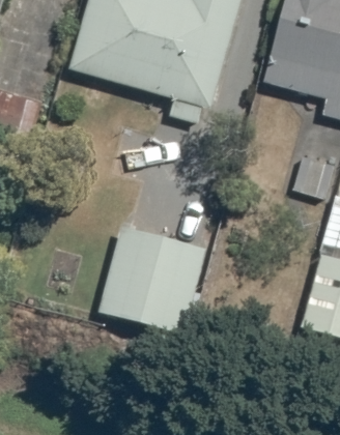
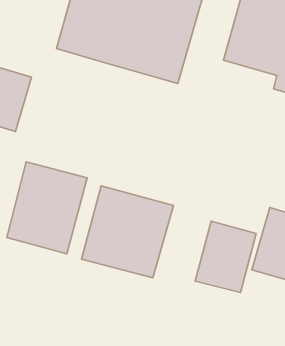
building: none -> [7,162,87,254]
building: none -> [195,221,256,293]

